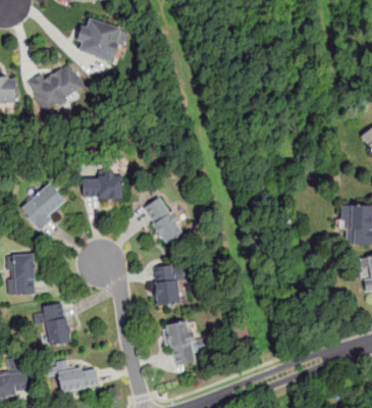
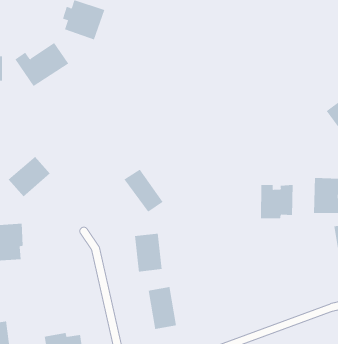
building: [83,170,123,196] -> none
building: none -> [261,184,293,219]
building: [45,304,73,345] -> none

